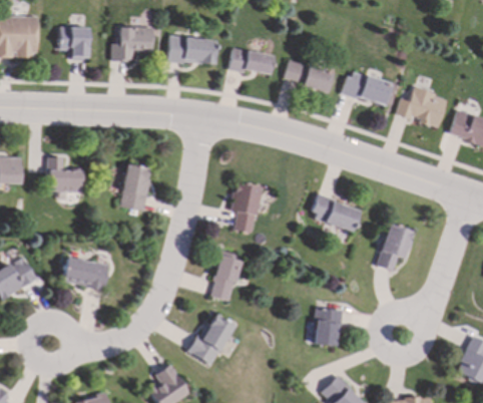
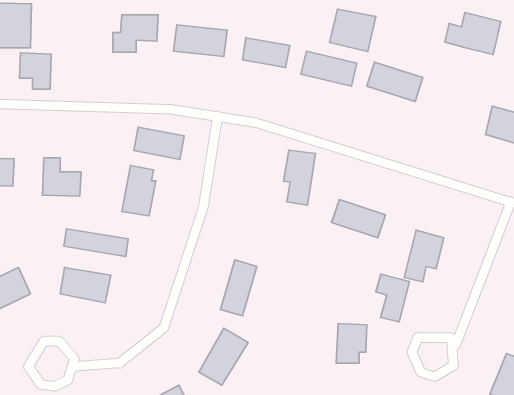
building: none -> [330,9,376,52]
building: [60,27,89,60] -> [19,53,51,89]
building: [397,88,448,126] -> [445,13,501,54]
building: none -> [134,127,184,159]
building: [232,182,262,233] -> [283,150,315,205]
building: none -> [64,229,128,256]
building: none -> [376,274,409,322]

